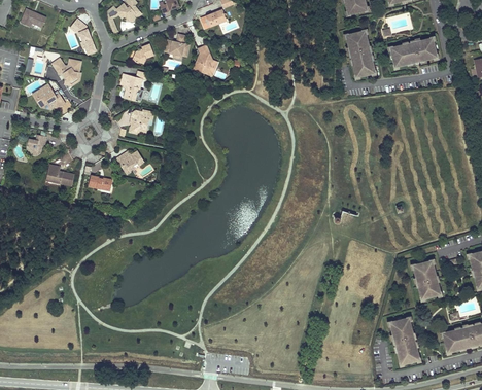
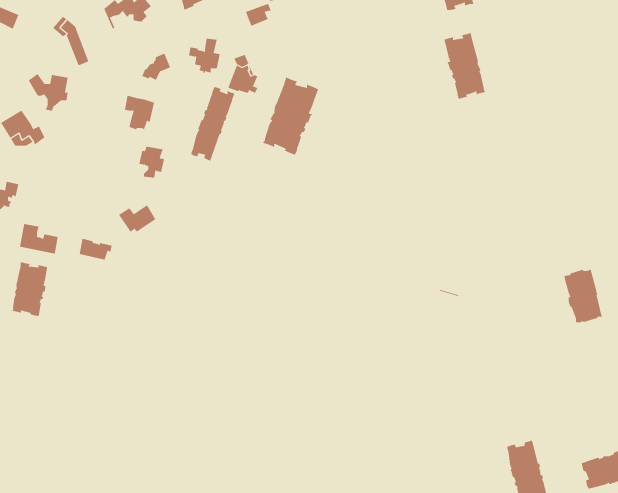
building: [390,37,438,67] -> none
building: none -> [262,76,319,155]
building: none -> [190,86,235,161]
building: none -> [12,261,48,317]
building: [413,260,441,298] -> [564,269,603,323]

